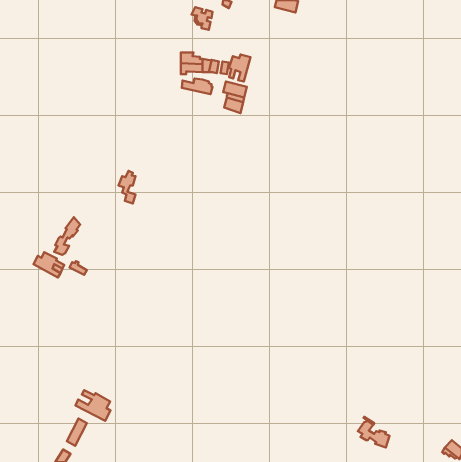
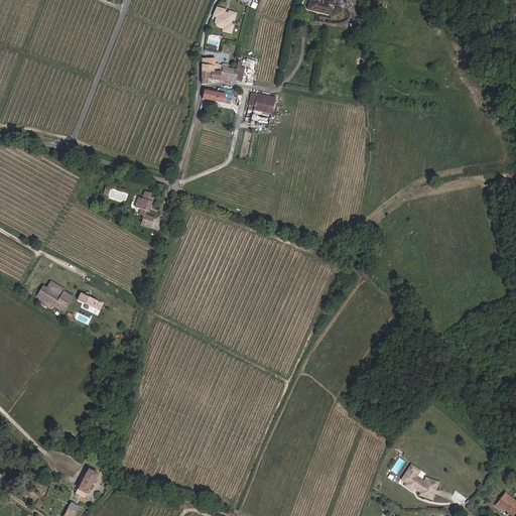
building: [229,55,250,82] -> none
building: [54,217,80,255] -> none
building: [75,390,111,421] -> none

